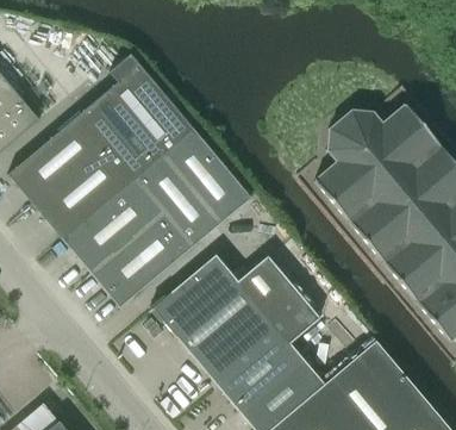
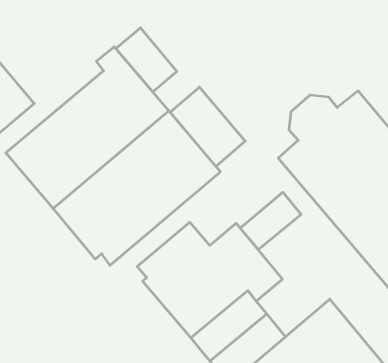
building: none -> [116,28,177,92]
building: none -> [170,87,245,166]
building: none -> [240,192,301,250]

